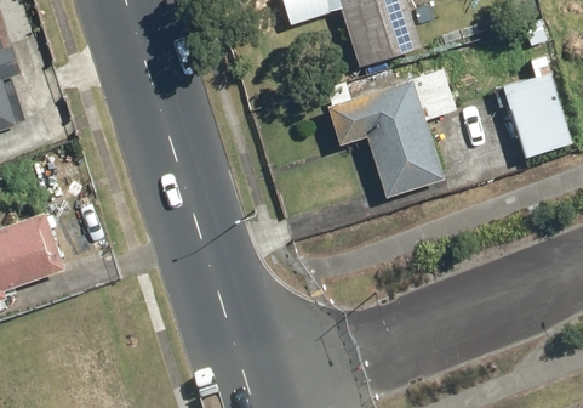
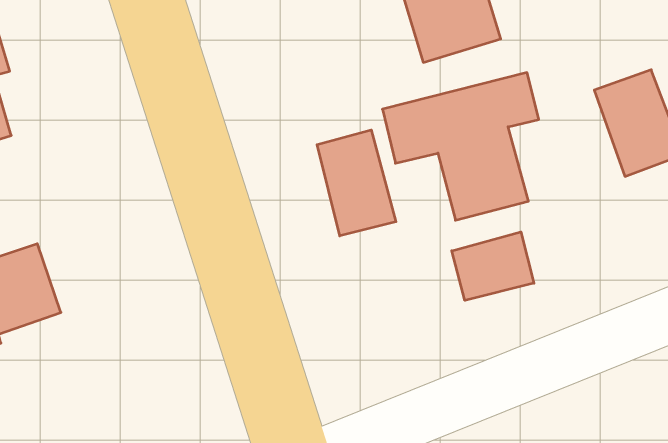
building: none -> [317,130,396,236]
building: none -> [452,232,534,300]

